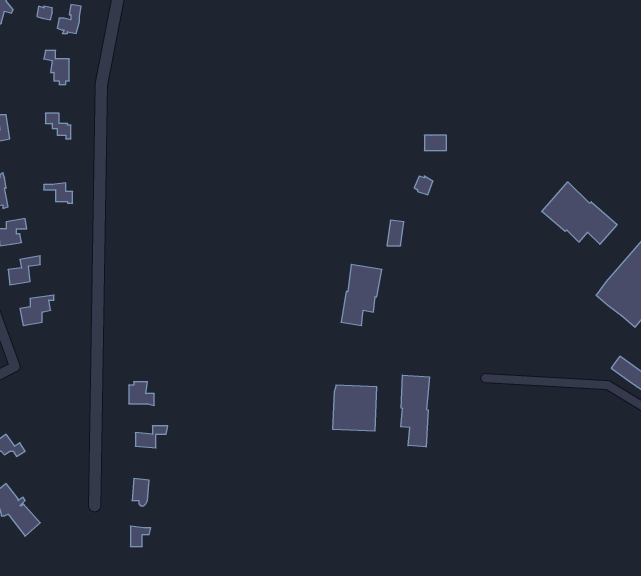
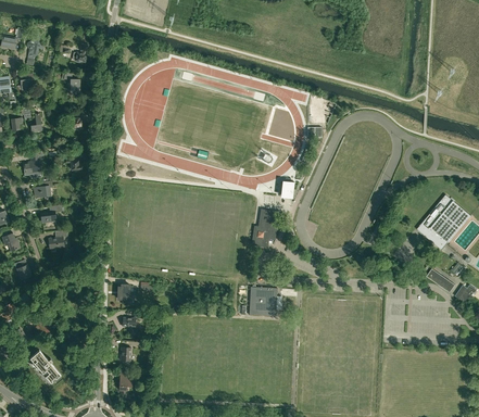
building: [542,182,617,244] -> none
building: [401,375,429,447] -> none

